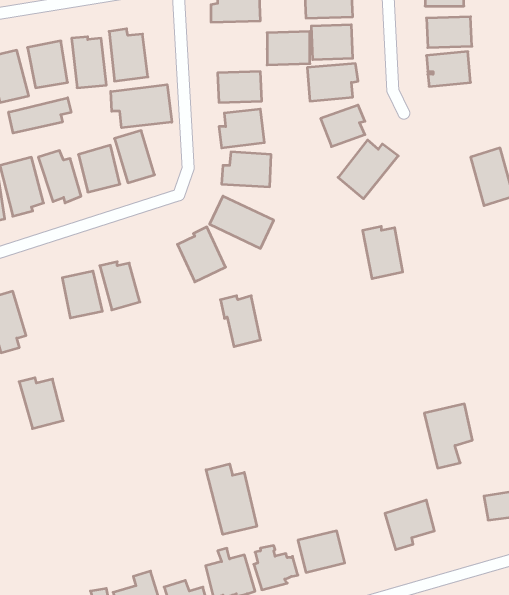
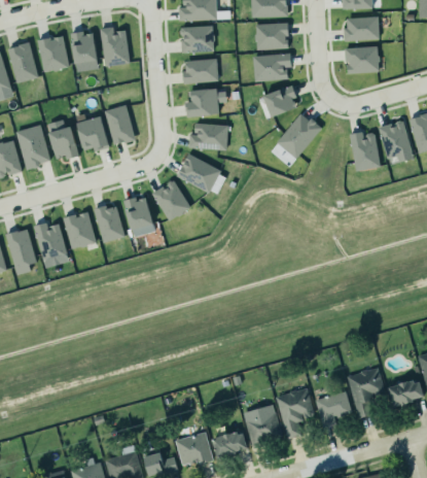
building: [267,31,310,65] -> [181,26,214,52]
building: [111,85,172,128] -> none
building: [9,98,71,133] -> none
building: [363,226,403,279] -> [350,131,381,171]
building: [220,296,261,347] -> [123,197,154,236]
building: [19,378,63,429] -> [34,223,68,262]
building: [424,404,472,468] -> [348,368,385,417]
building: [206,464,257,534] -> none
building: none -> [276,387,315,439]

